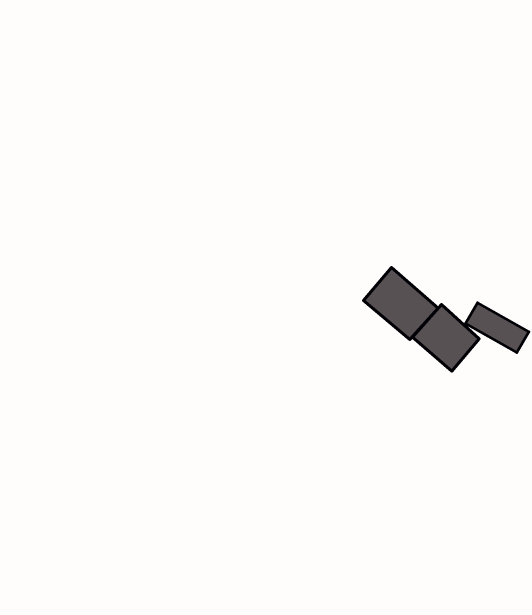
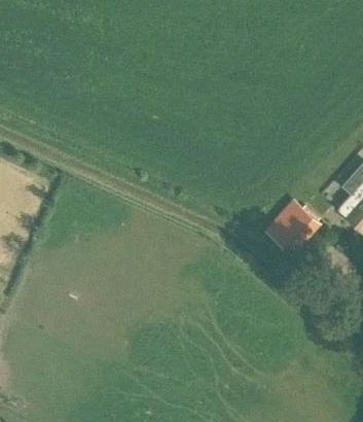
building: [364,267,438,339] -> none

